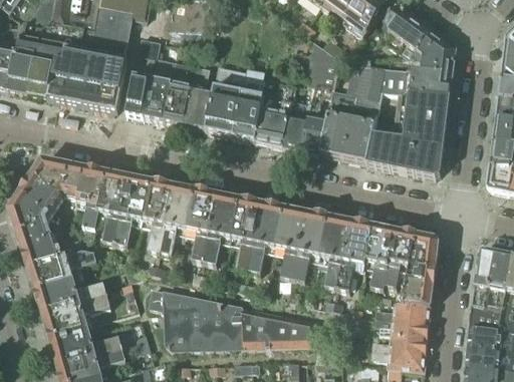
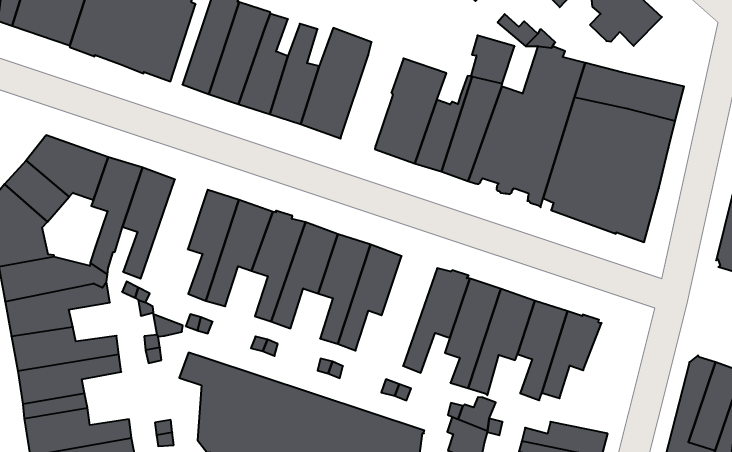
building: [411,31,455,74] -> none
building: [233,80,265,140] -> none
building: [114,176,151,246] -> none
building: [274,208,306,279] -> none
building: [393,235,439,306] -> none

